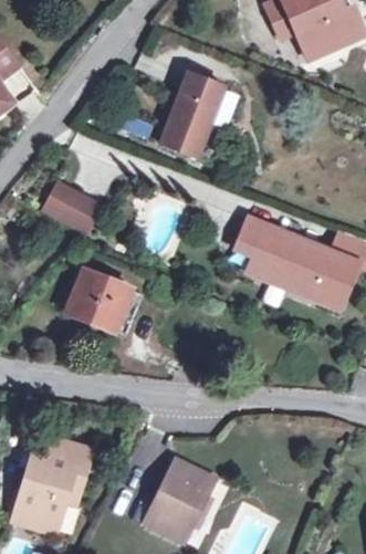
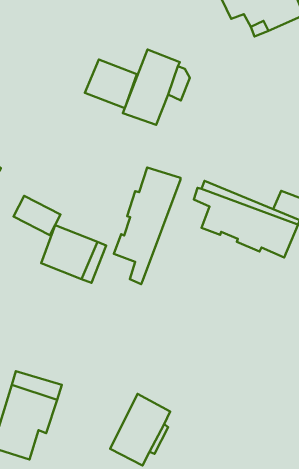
building: none -> [85,59,137,108]
building: [48,186,101,230] -> [13,196,61,235]
building: none -> [114,167,180,284]

